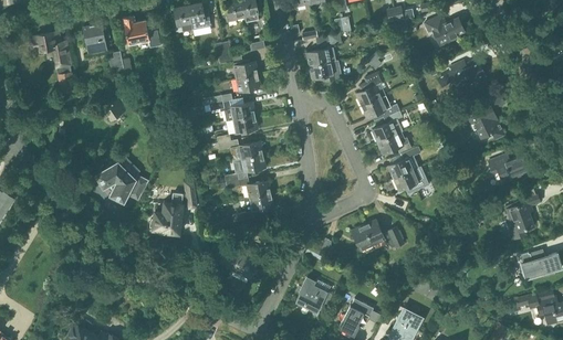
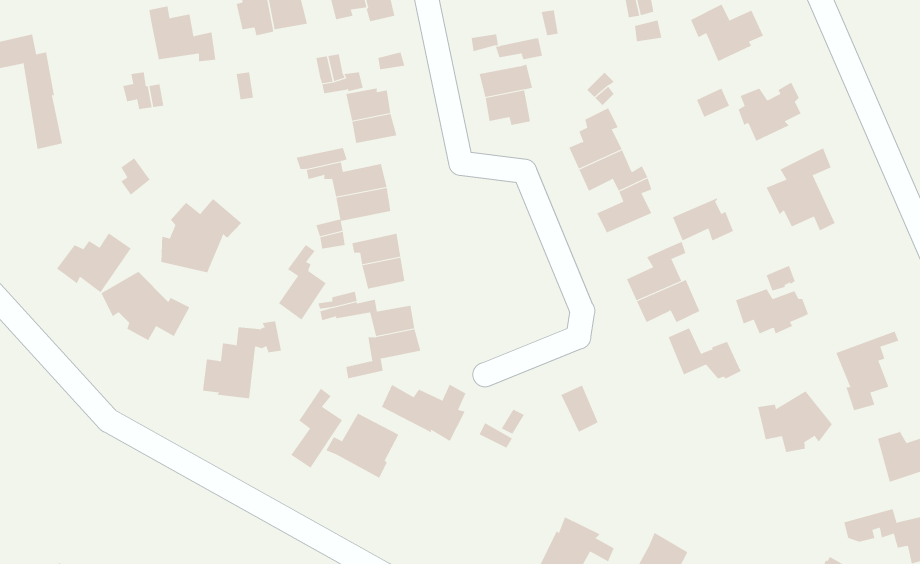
building: [83,23,111,55] -> none
building: none -> [161,198,242,273]
building: [377,130,411,155] -> [672,197,734,241]
building: none -> [56,232,132,293]
building: none -> [278,244,327,320]
building: [489,155,530,180] -> [735,288,809,334]
building: [364,220,405,248] -> [668,327,741,379]
building: none -> [381,384,466,442]
building: none -> [290,388,343,468]
building: none -> [757,390,832,453]
building: [295,277,334,312] -> none

